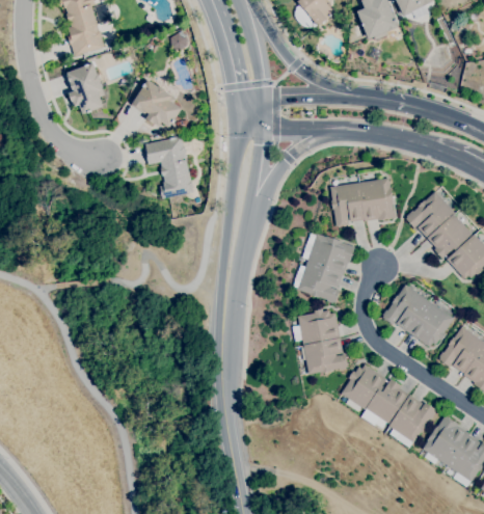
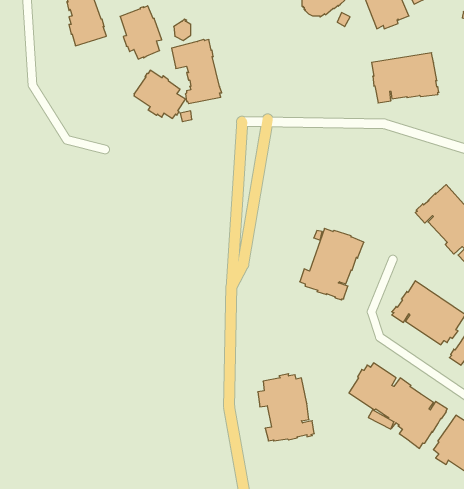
building: [65,62,106,114] -> [120,6,162,59]
building: [145,136,194,198] -> [172,40,222,104]
building: [330,178,396,226] -> [372,53,439,103]
building: [293,308,348,374] -> [258,374,314,441]

